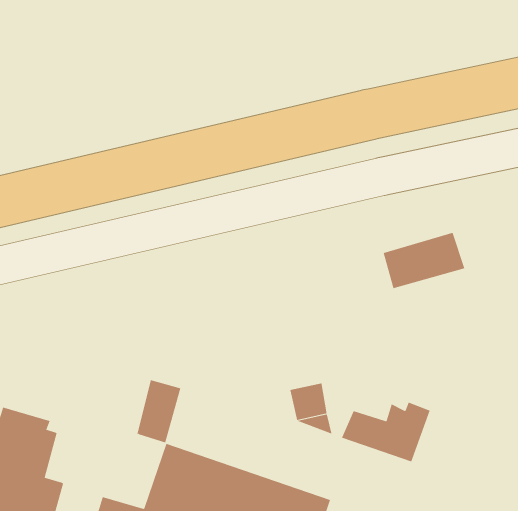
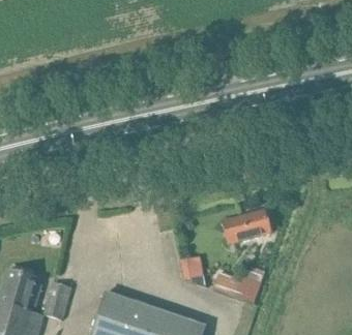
building: [383,232,465,289] -> [222,210,271,244]
building: [137,379,181,443] -> [43,281,70,319]

